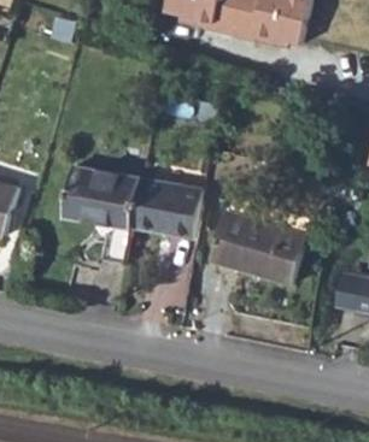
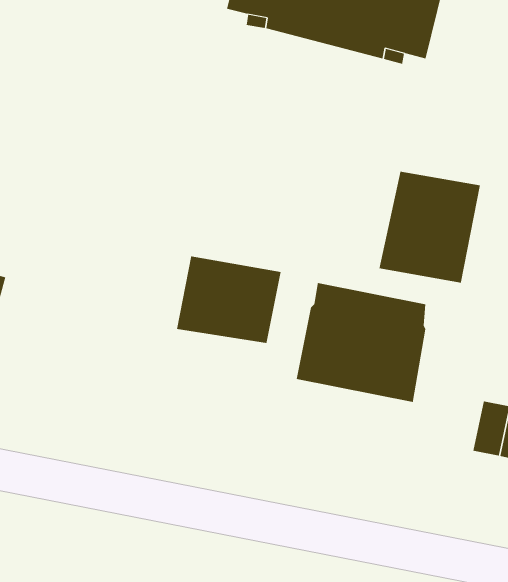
building: none -> [379,171,481,284]
building: [64,165,142,263] -> none

